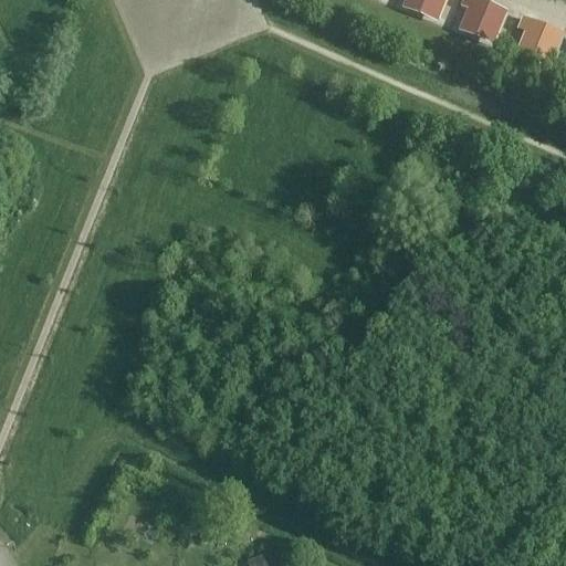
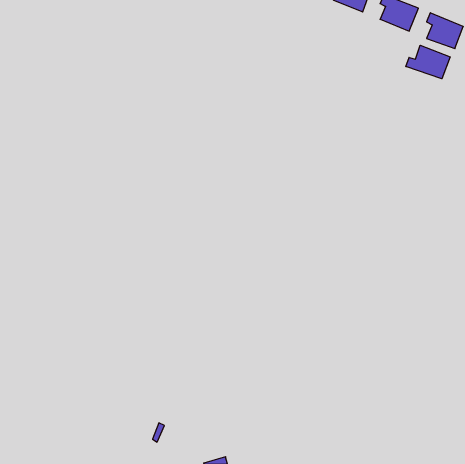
building: none -> [406,45,450,79]

